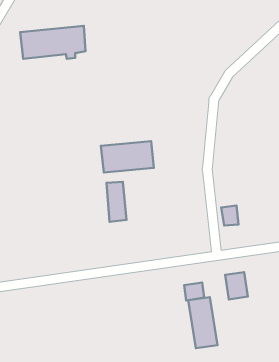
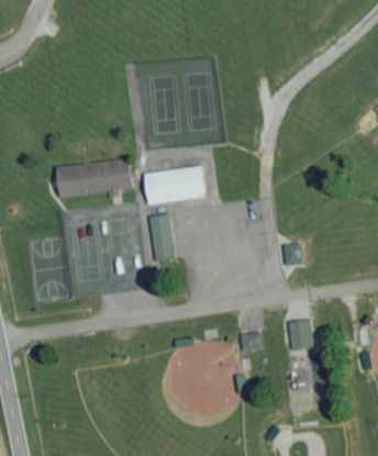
building: [20,26,86,59] -> [56,158,132,197]
building: [188,297,218,348] -> none

